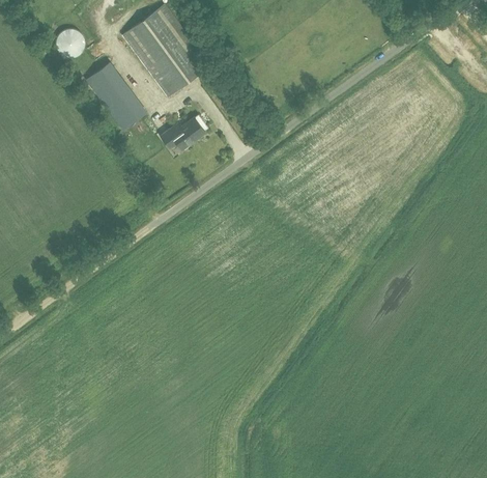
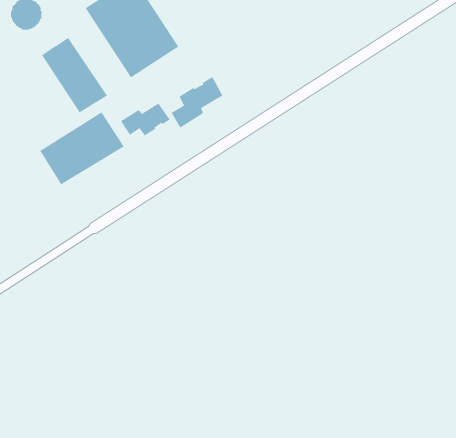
building: none -> [171,76,223,129]
building: none -> [40,112,124,185]

